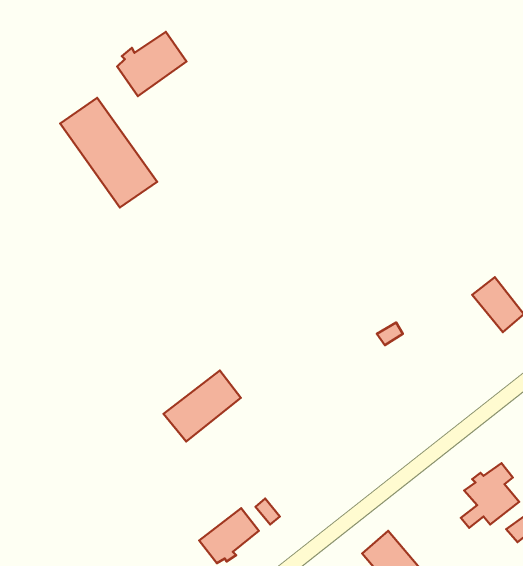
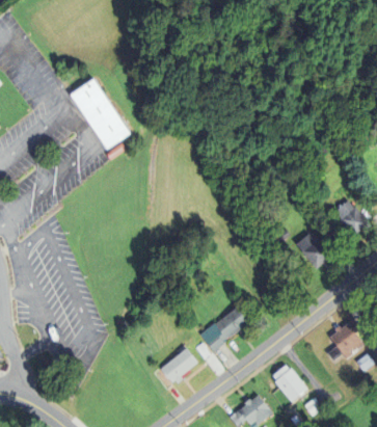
building: [117,32,186,96] -> none
building: none -> [298,234,333,267]
building: [163,370,241,441] -> [200,306,250,352]

